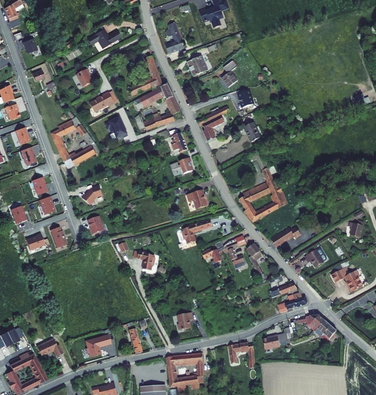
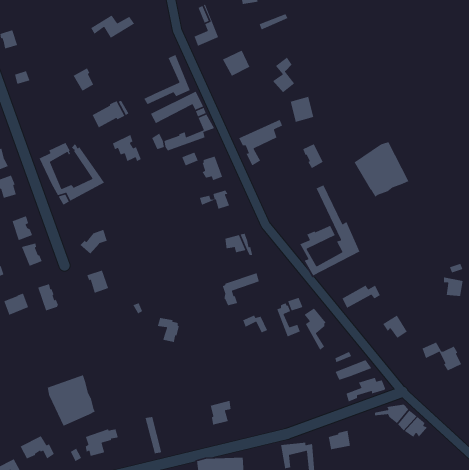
building: none -> [353,141,409,198]
building: none -> [47,374,96,427]

